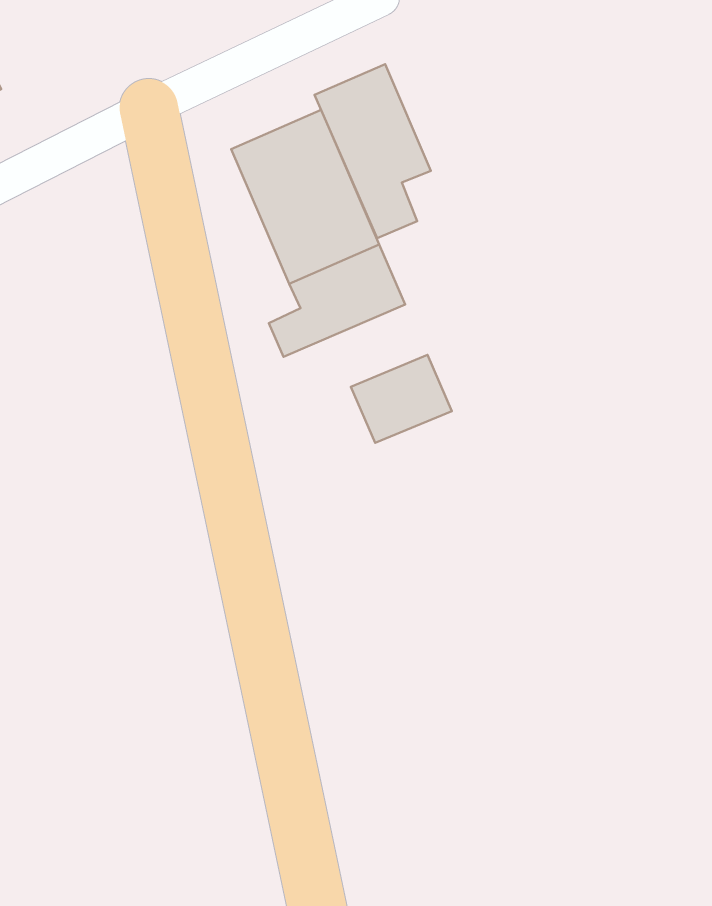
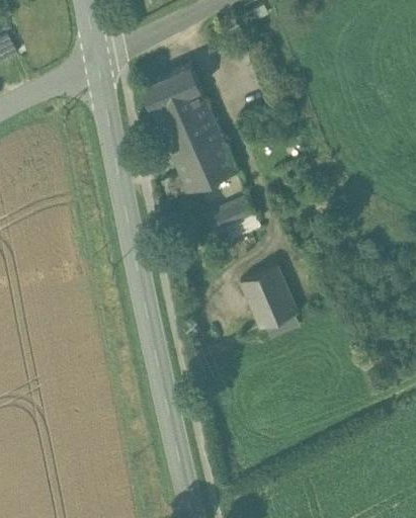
building: [314,64,431,238] -> none
building: none -> [241,267,299,329]

